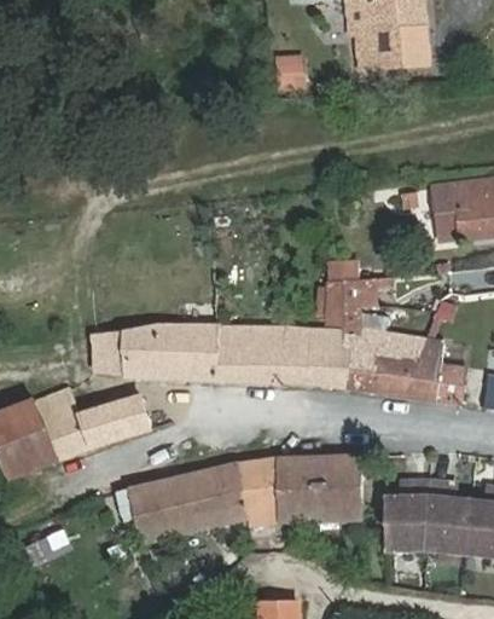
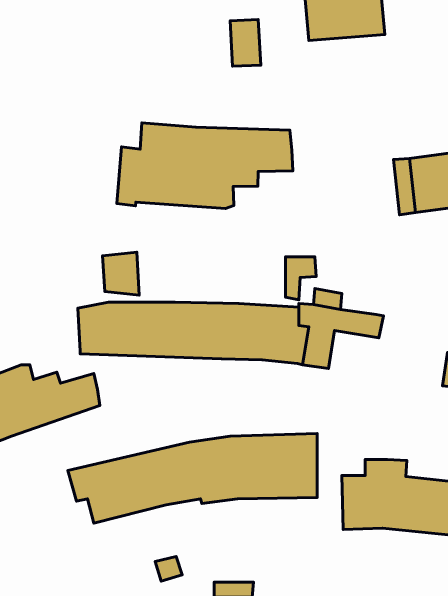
building: none -> [117,123,293,209]
building: [92,331,128,374] -> [102,252,139,295]
building: [372,339,465,404] -> none

